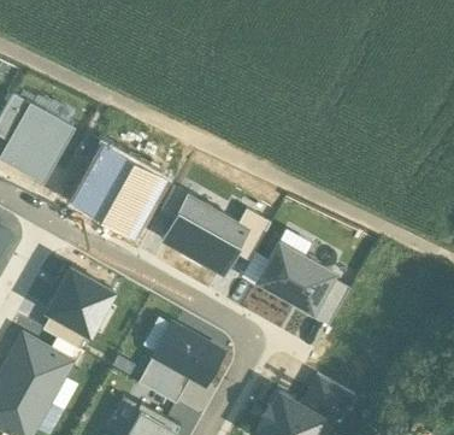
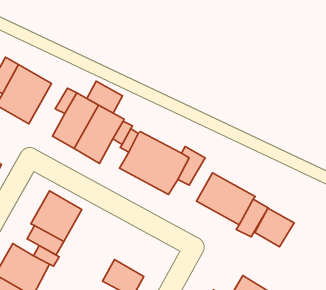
building: none -> [87,81,123,113]
building: none -> [255,208,294,247]
building: [154,327,223,386] -> none

